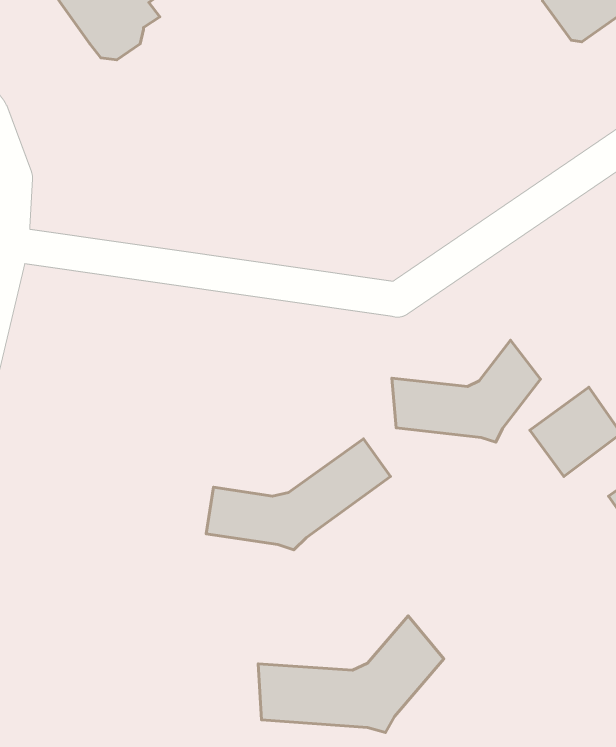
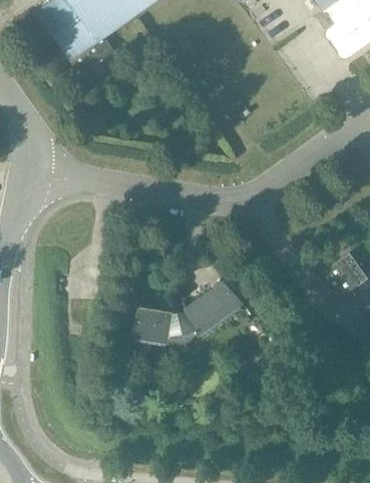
building: [392,340,541,442] -> none
building: [258,616,444,732] -> none

